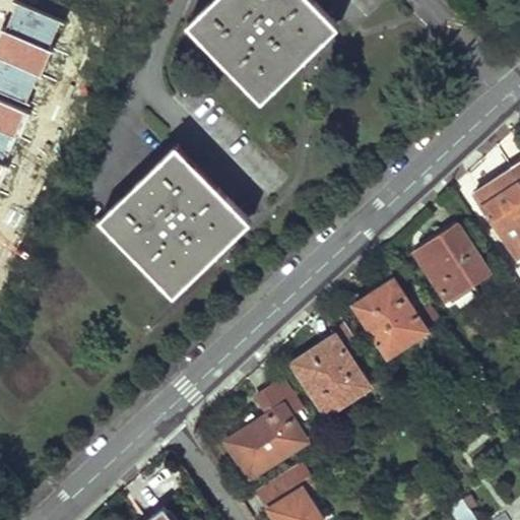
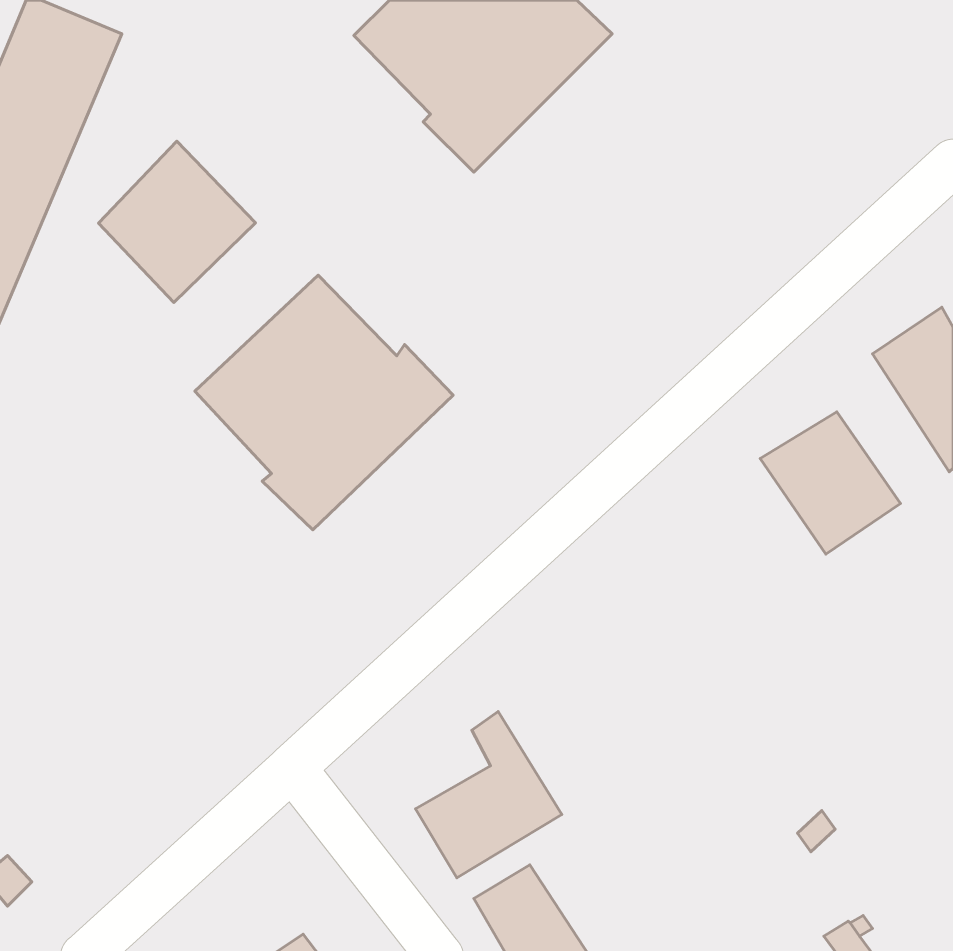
building: none -> [98,141,256,303]
building: [353,285,425,358] -> none
building: [294,327,361,415] -> none

